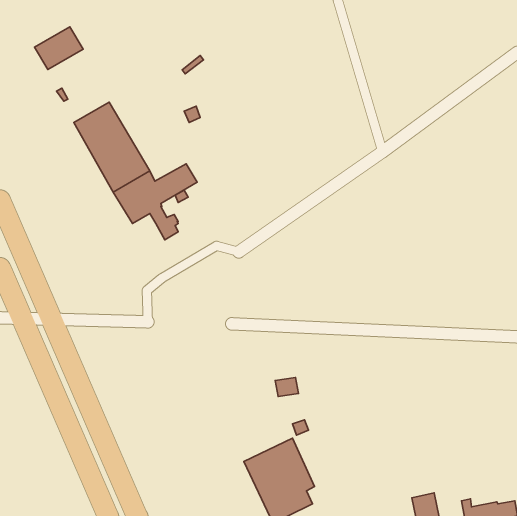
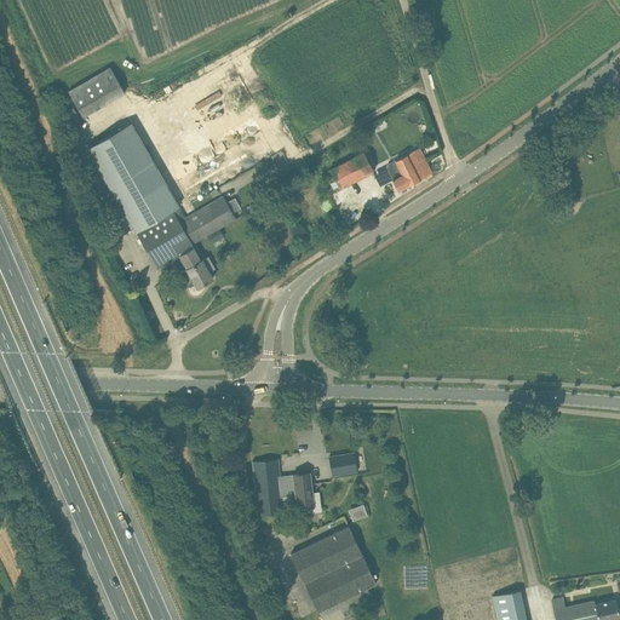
building: [35,27,83,69] -> [68,68,126,119]
building: none -> [386,149,432,191]
building: none -> [329,151,374,189]
building: none -> [253,460,321,517]

